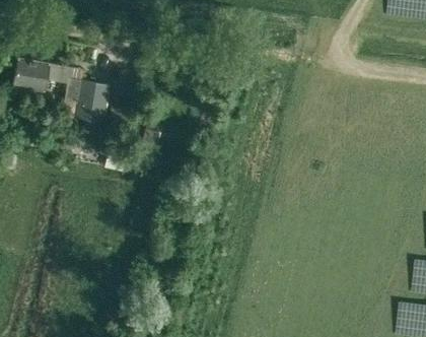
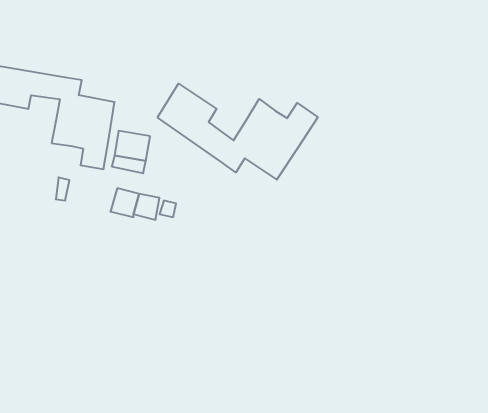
building: none -> [158,84,318,180]

